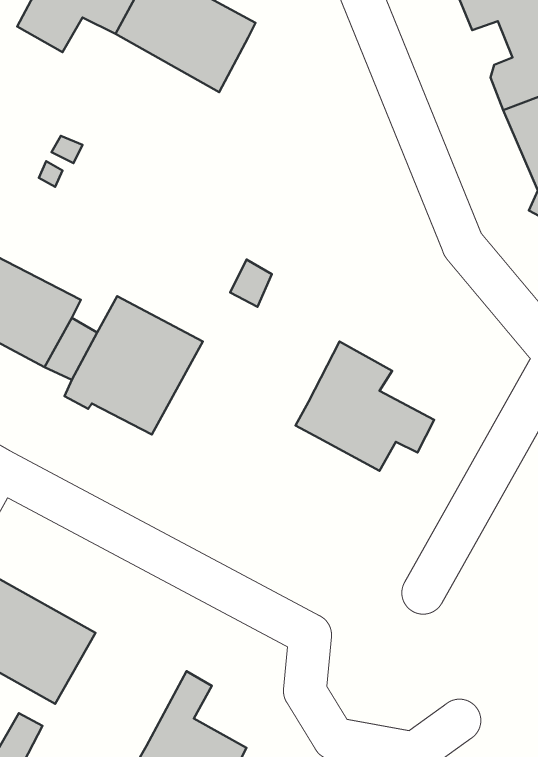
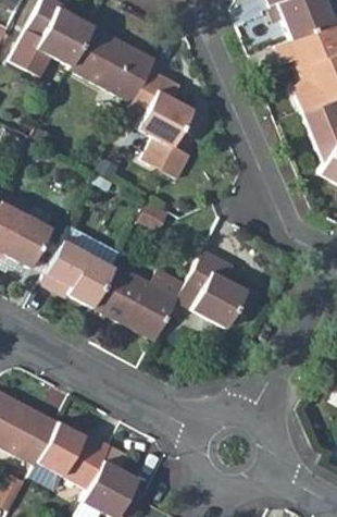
building: none -> [128,69,207,176]
building: none -> [89,262,185,342]
building: none -> [28,424,112,494]

